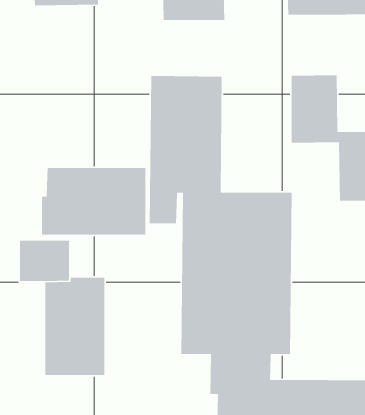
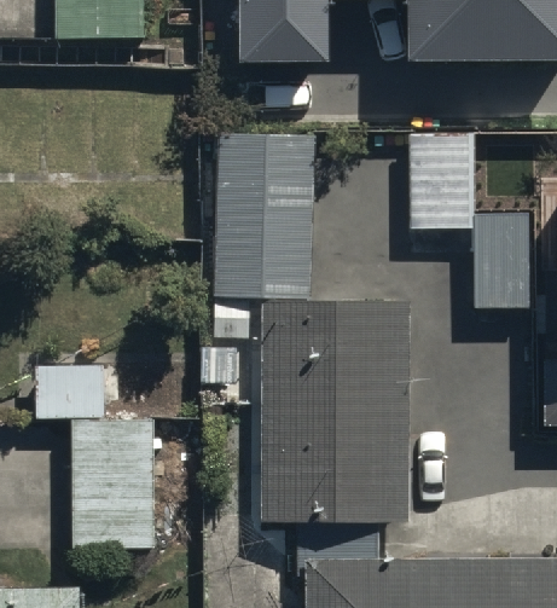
building: [41,167,146,236] -> none

